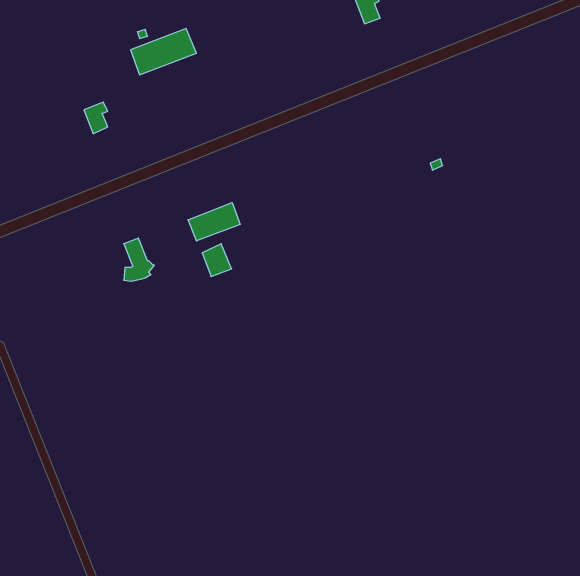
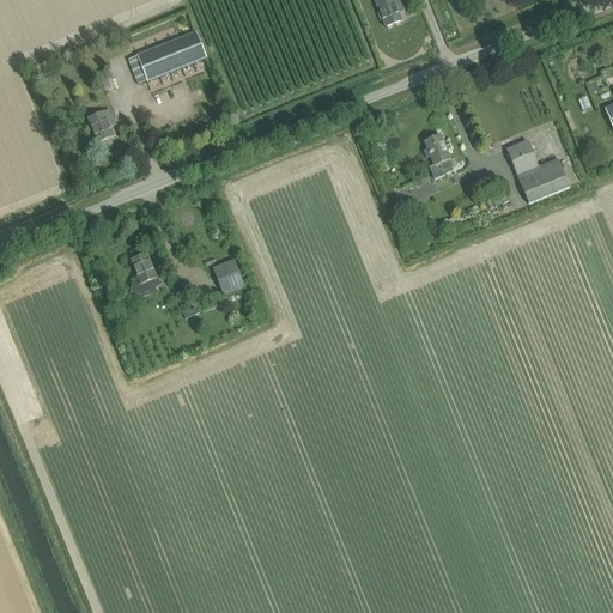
building: none -> [424,133,453,168]
building: none -> [505,139,570,202]
building: [188,203,240,241] -> none

